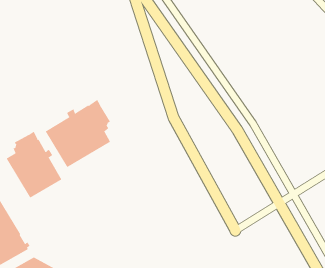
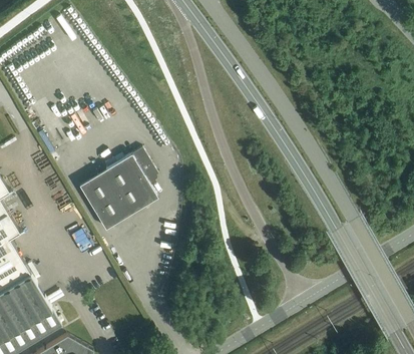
building: [6,131,62,199] -> none

